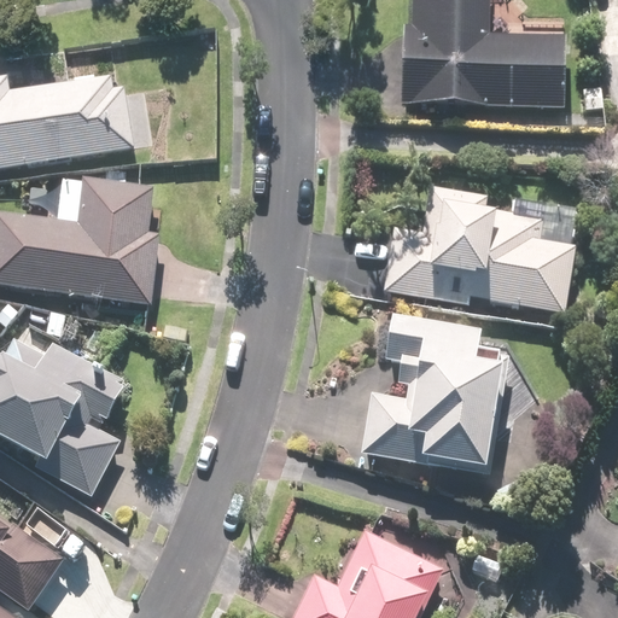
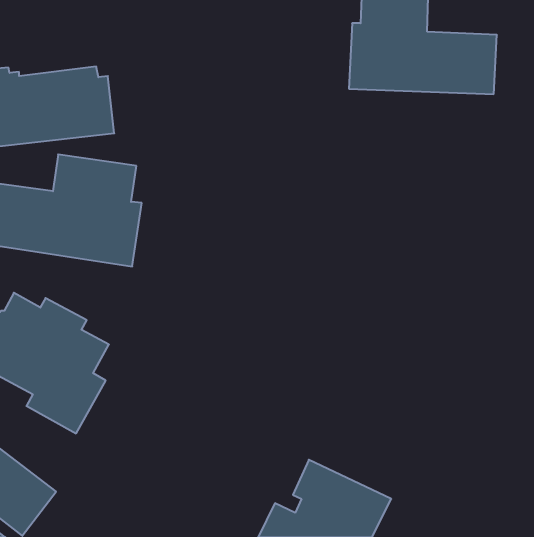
building: [387,192,573,310] -> none
building: [363,317,508,465] -> none

